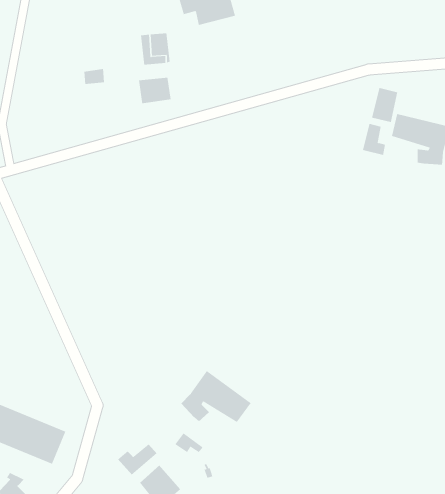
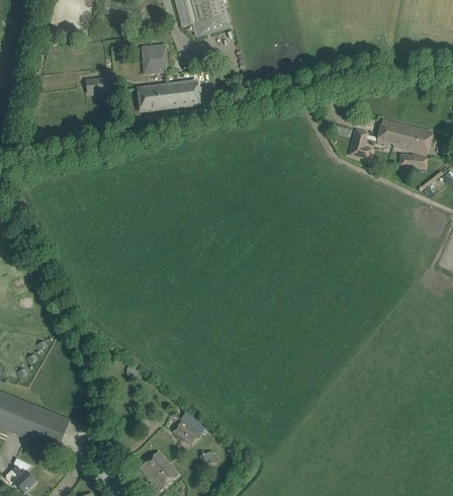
building: none -> [166,81,197,106]
building: [372,87,398,123] -> none
building: [181,370,251,423] -> none
building: [117,444,157,476] -> none

